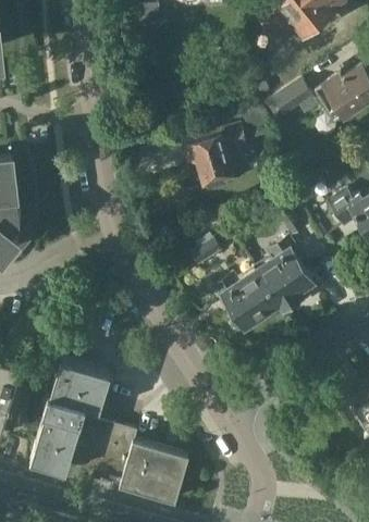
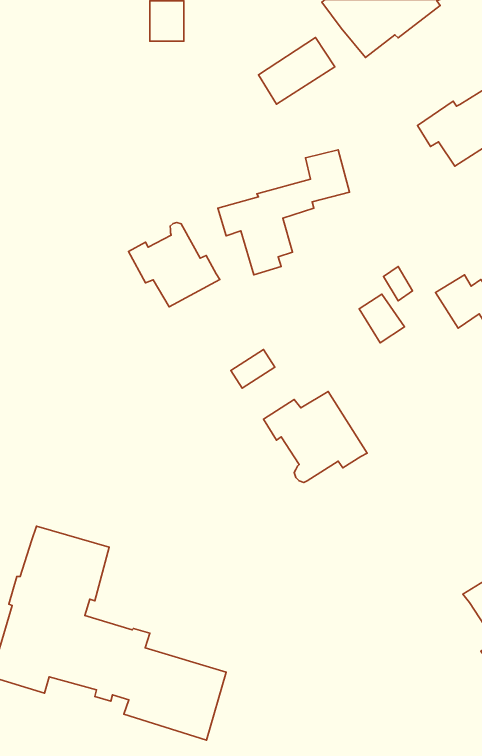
building: [263,77,315,122] -> [259,38,335,104]
building: none -> [128,223,220,307]
building: [257,238,313,310] -> none

